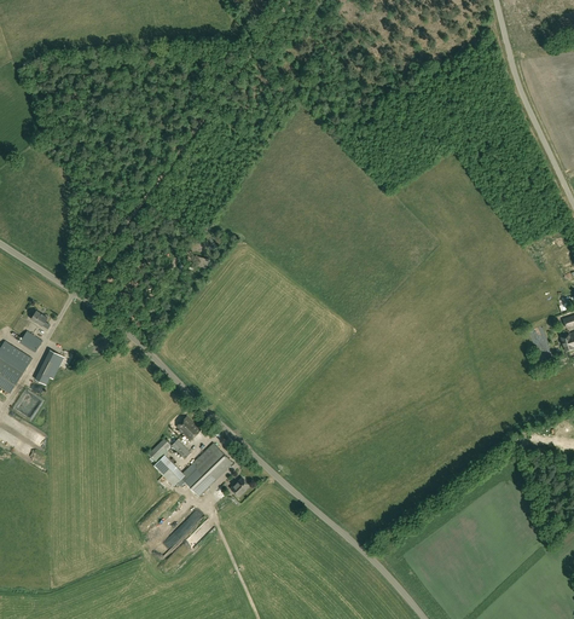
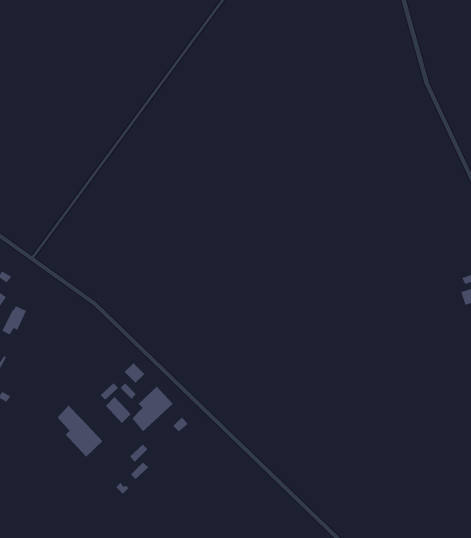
building: none -> [57,405,103,457]

